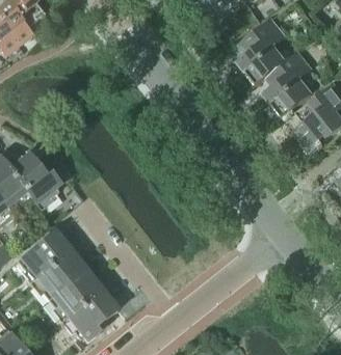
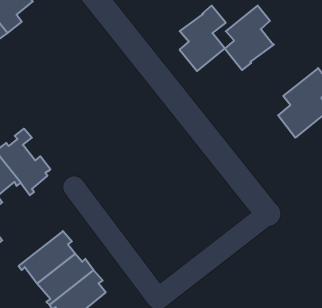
building: [264,49,311,115] -> [180,6,226,71]
building: [16,228,74,281] -> none

